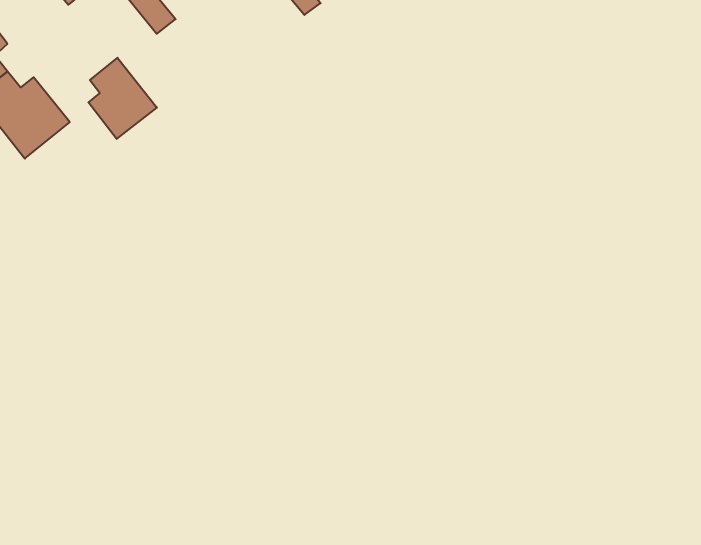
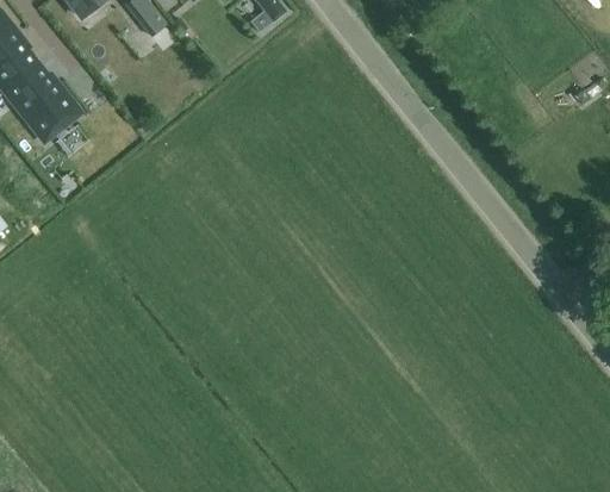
building: [88,58,157,139] -> none

